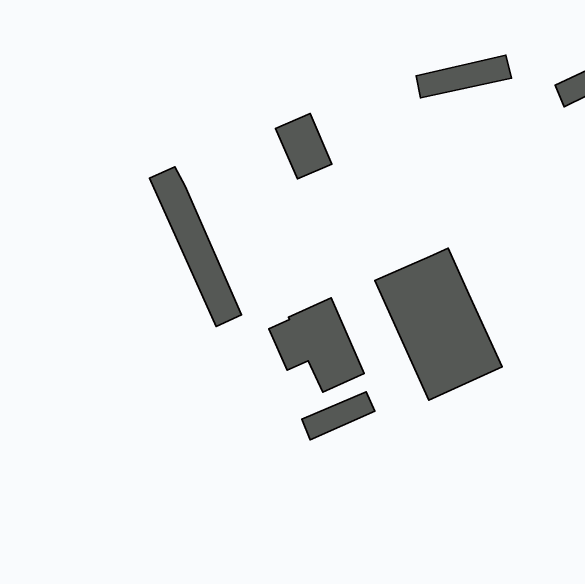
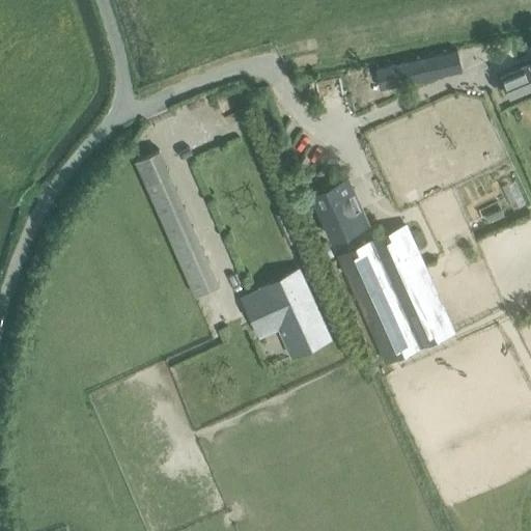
building: [276,113,332,179] -> [313,181,364,241]
building: [302,392,375,440] -> none

